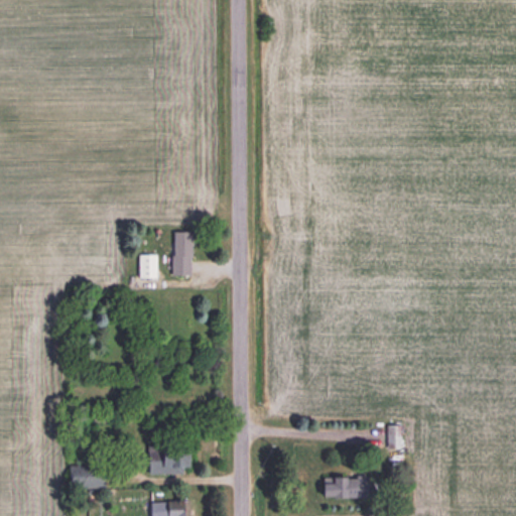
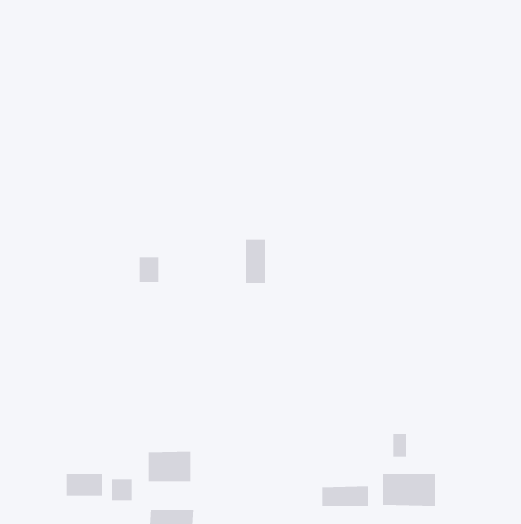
building: [173,232,194,275] -> [245,239,266,283]
building: none -> [382,473,435,507]
building: none -> [111,478,132,501]

